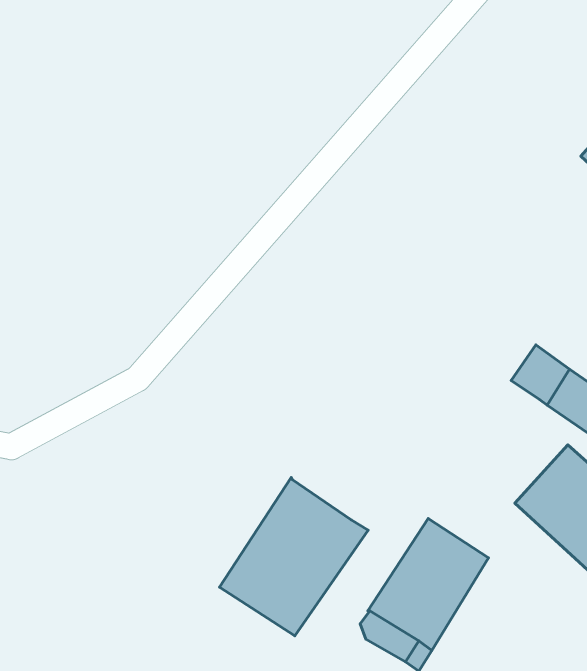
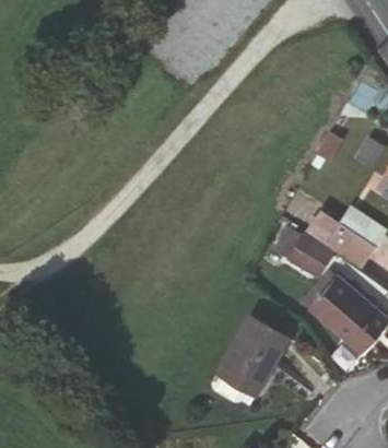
building: none -> [275,231,331,276]
building: [220,477,368,636] -> none

